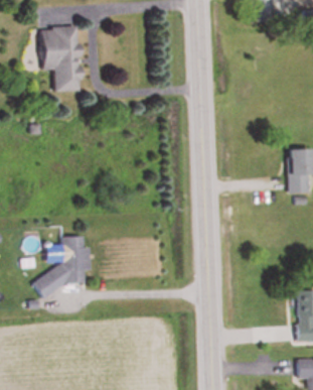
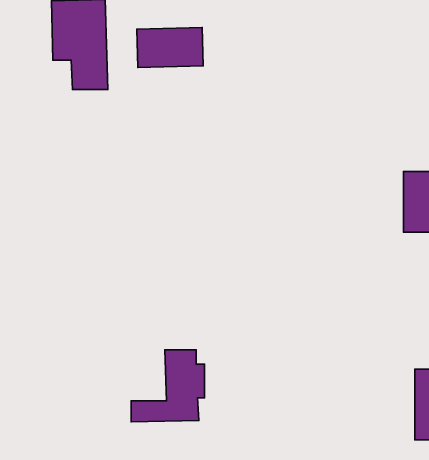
building: none -> [137,27,203,68]
building: [37,236,90,287] -> [131,350,205,422]

